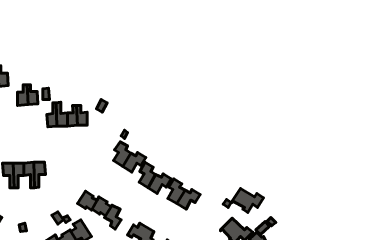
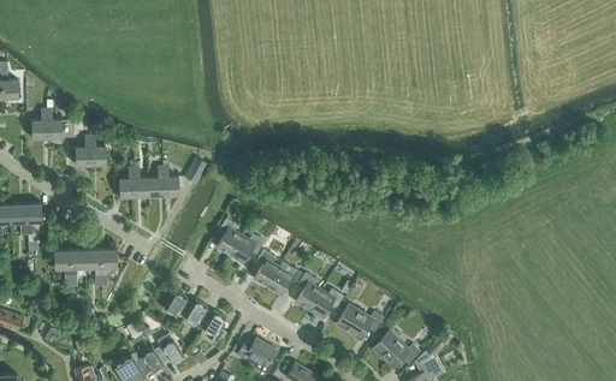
building: [231,189,263,213] -> [336,304,383,339]

